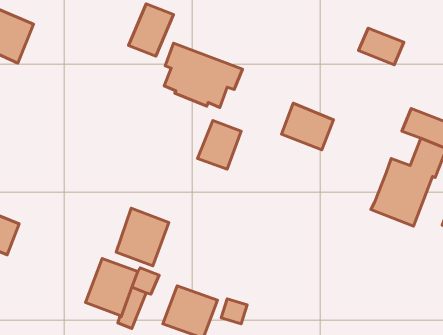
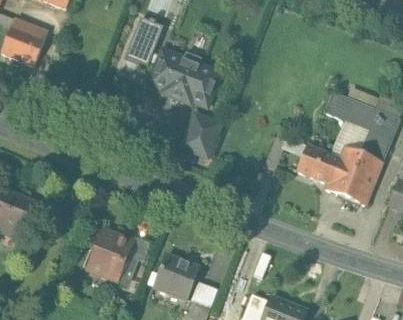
building: [359,28,404,65] -> [325,92,363,123]
building: [281,103,334,150] -> [298,144,342,183]
building: [116,208,169,266] -> none

